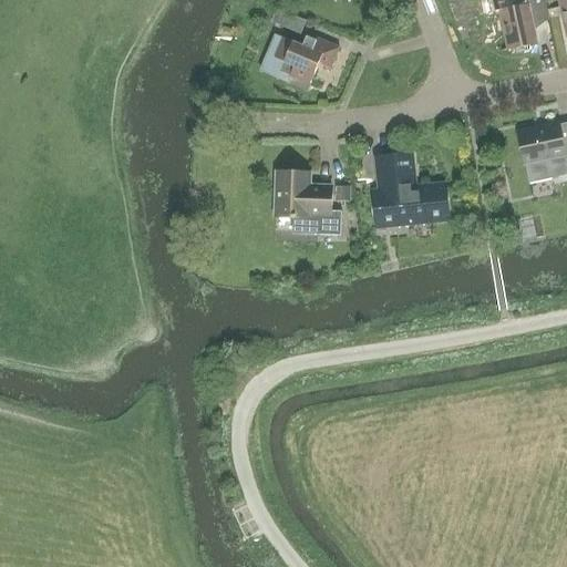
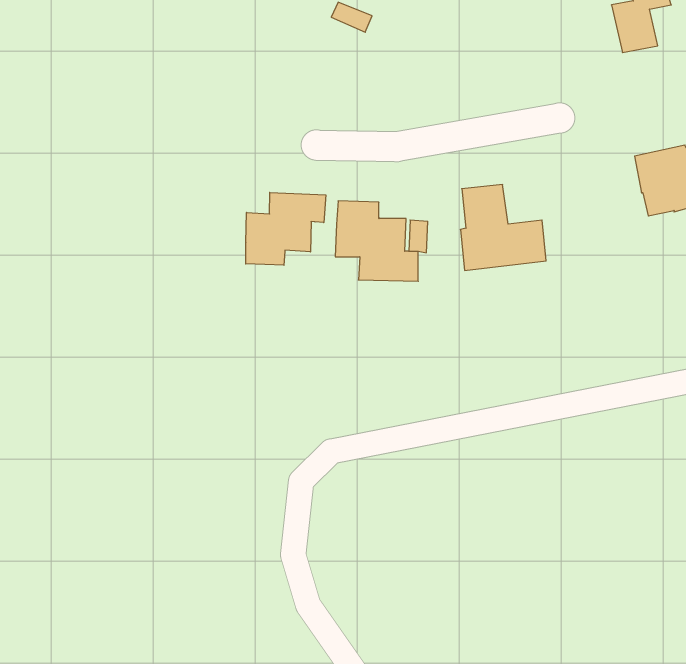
building: [274,35,340,84] -> none
building: none -> [246,192,326,265]

